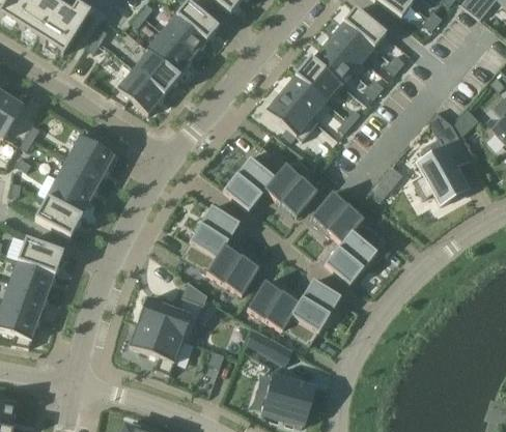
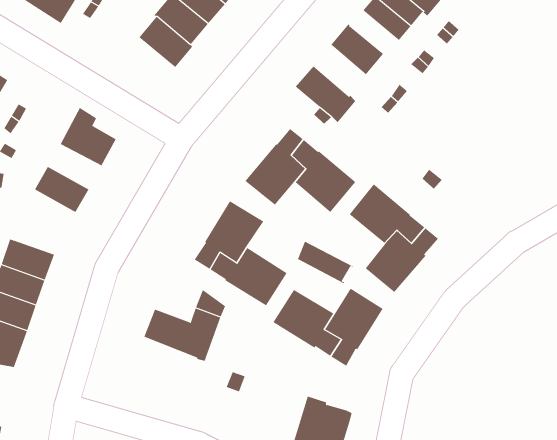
building: [312,46,354,85] -> none
building: [110,68,165,114] -> none
building: [281,75,326,118] -> none
building: [412,111,472,205] -> none
building: [57,159,103,197] -> none
building: [34,197,81,237] -> none
building: [129,321,182,375] -> none
building: [246,328,293,365] -> [297,241,354,284]

